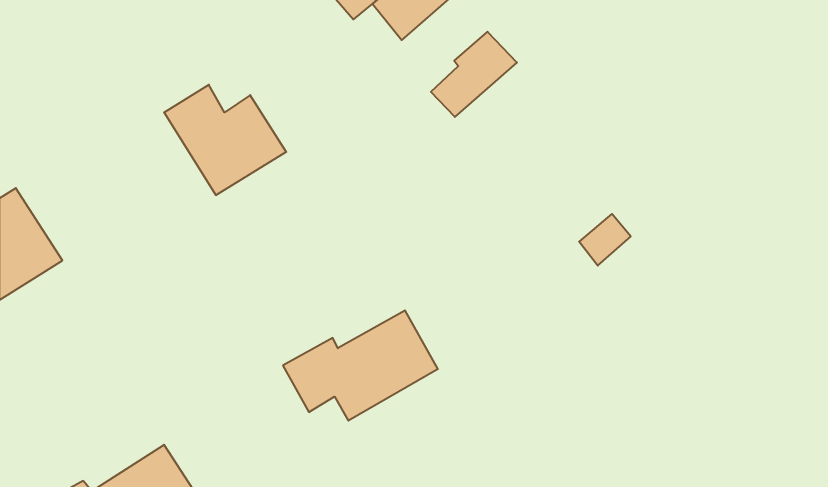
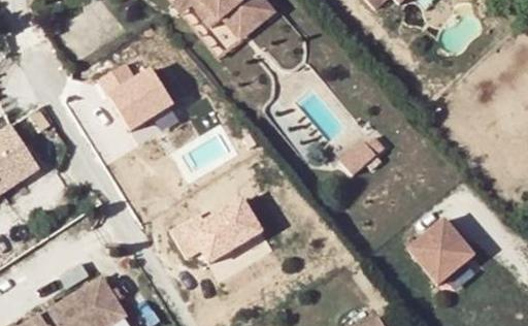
building: [431,32,517,117] -> none
building: none -> [410,223,475,289]

